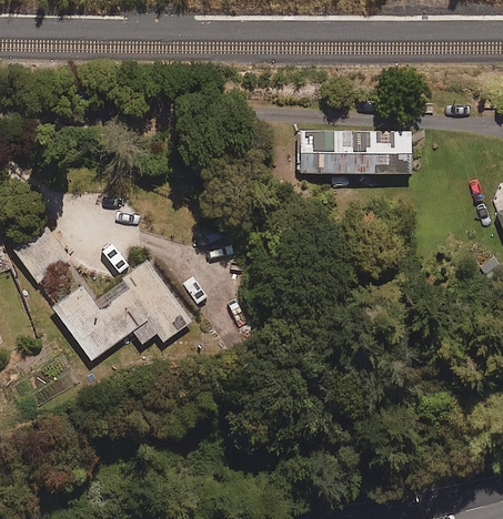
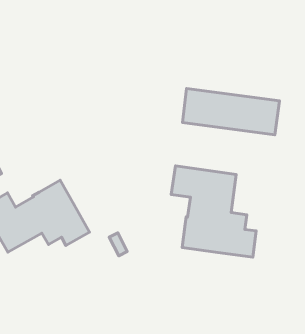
building: none -> [171,166,256,257]

